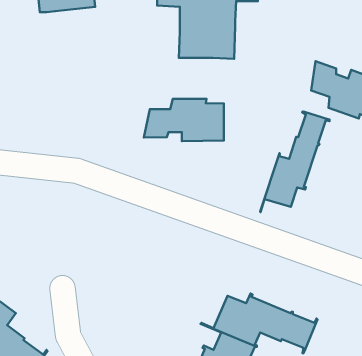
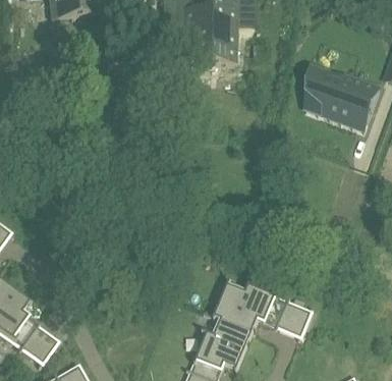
building: [144,99,224,141] -> none
building: [260,111,330,212] -> none

